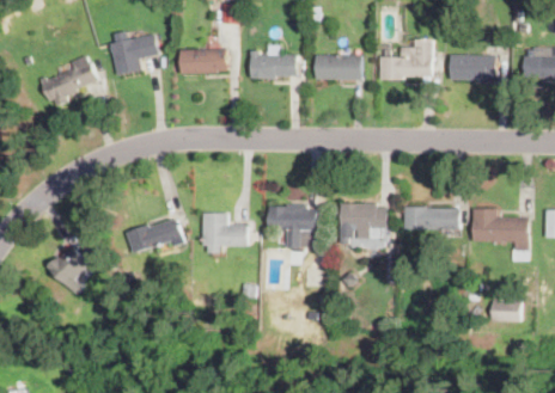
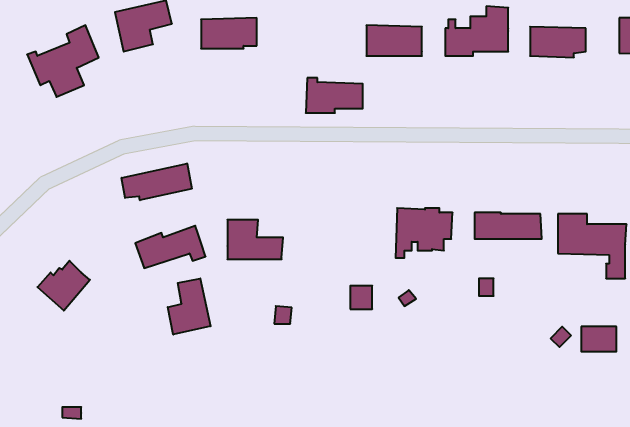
building: [251,50,298,79] -> [306,78,363,113]
building: none -> [122,163,192,200]
building: [269,203,319,247] -> none
building: none -> [168,278,211,335]

